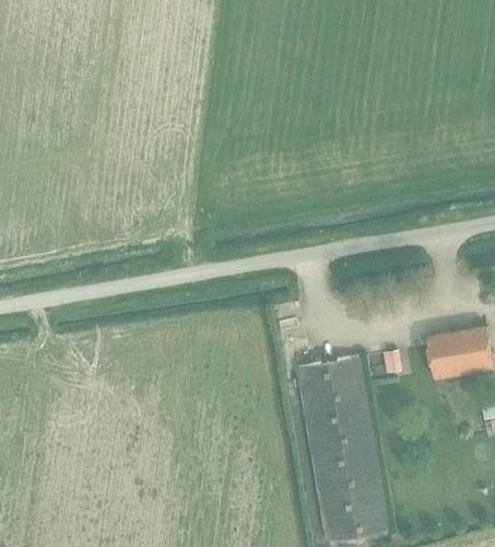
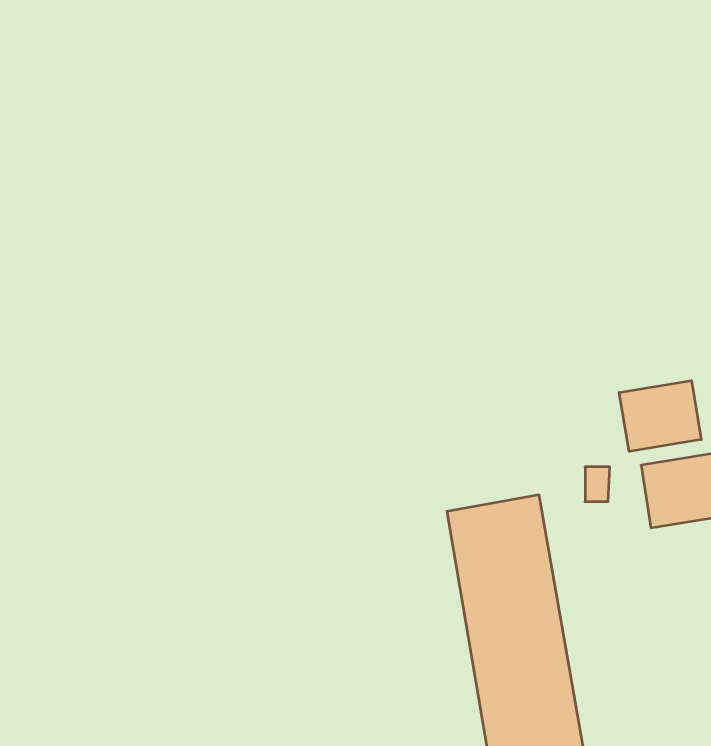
building: none -> [619,381,701,451]

